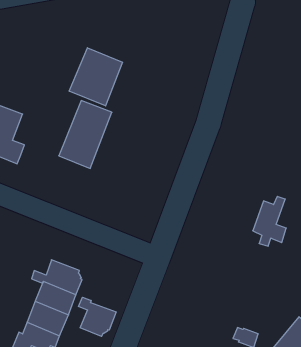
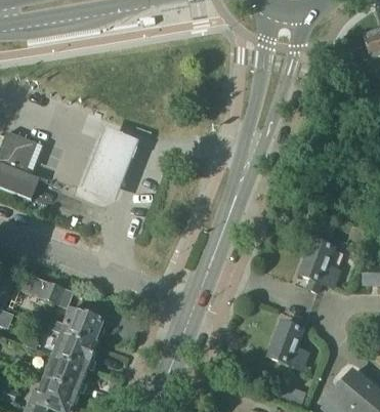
building: [69,48,122,106] -> none
building: none -> [18,273,73,308]
building: none -> [267,317,306,369]
building: [79,297,116,336] -> none

